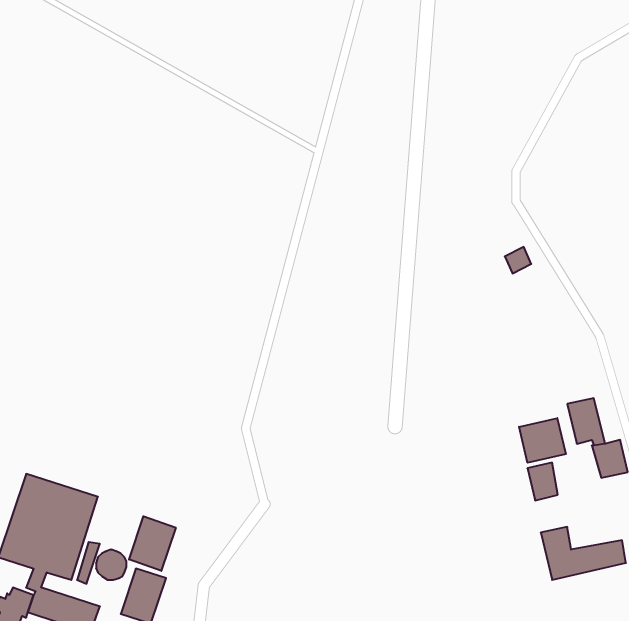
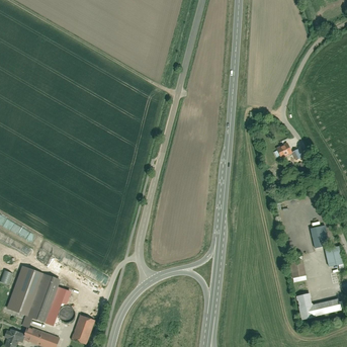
building: [519,418,566,463] -> none
building: [129,516,176,571] -> none

